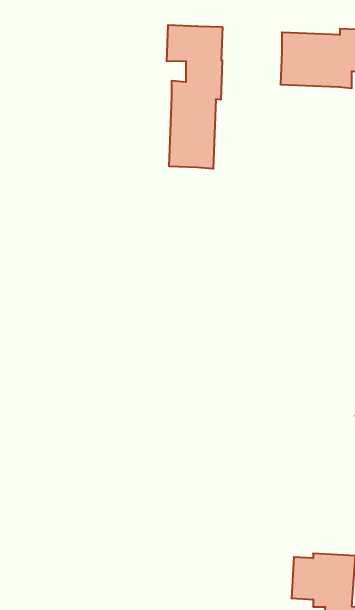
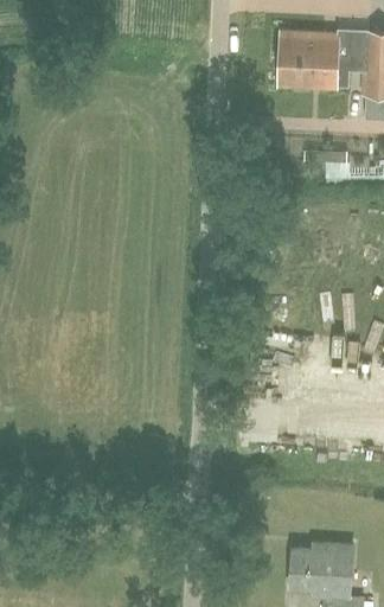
building: [167,25,222,169] -> none

